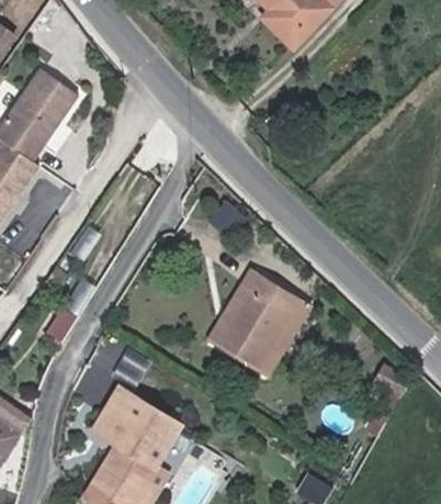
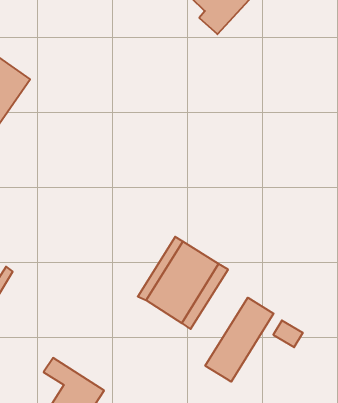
building: none -> [205,298,274,382]
building: [106,387,180,448] -> none

